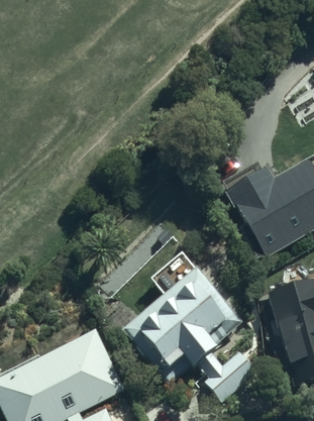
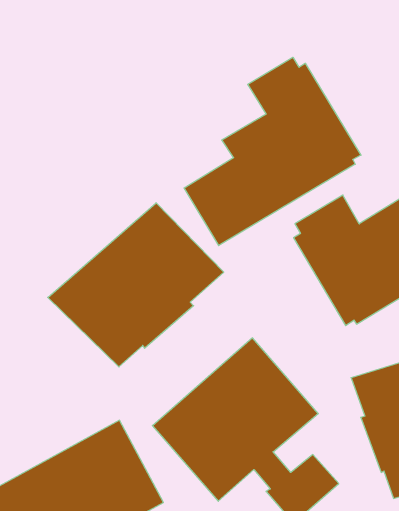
building: none -> [184,57,361,246]
building: none -> [48,203,224,367]

